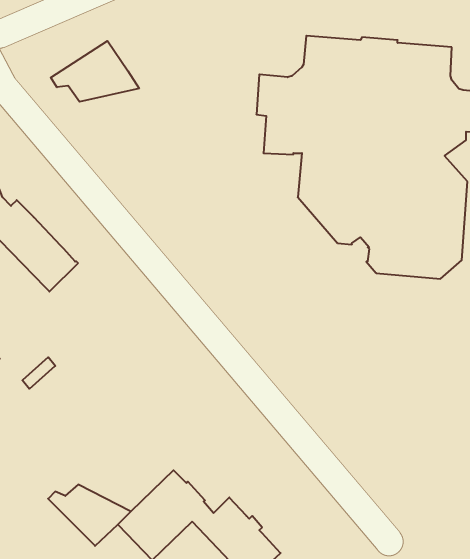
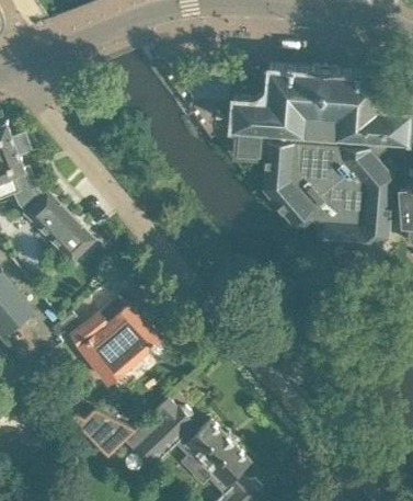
building: [51,41,139,102] -> none
building: none -> [71,306,160,384]

